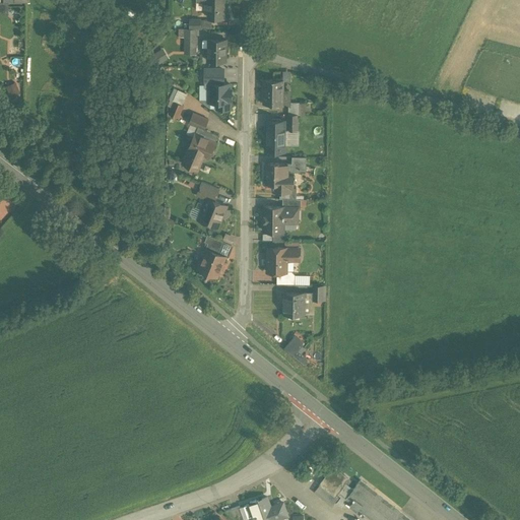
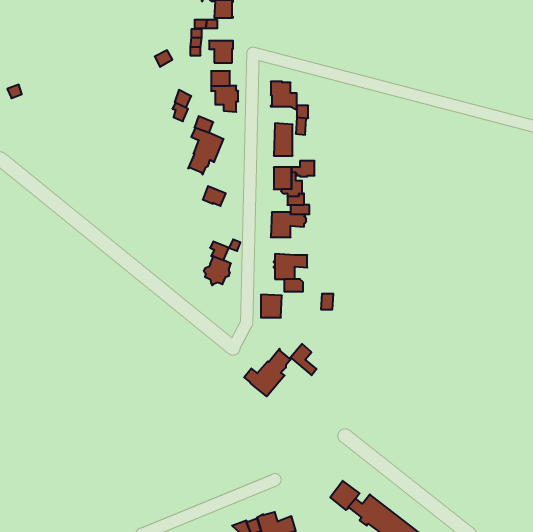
building: [201,199,226,229] -> none
building: [285,294,306,316] -> [261,295,282,318]
building: none -> [244,349,292,396]

